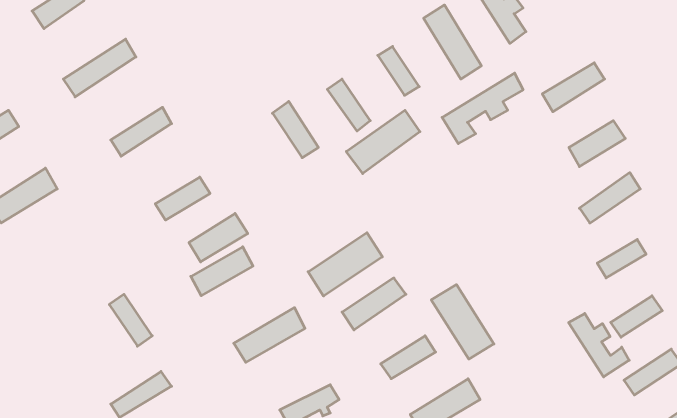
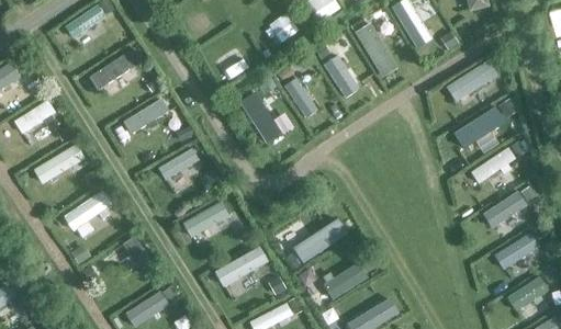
building: [442,73,523,144] -> none
building: [346,110,420,174] -> none
building: [189,213,248,262] -> none
building: none -> [65,190,112,230]
building: [308,233,382,296] -> none
building: [431,285,494,359] -> none
building: [569,313,629,377] -> none

